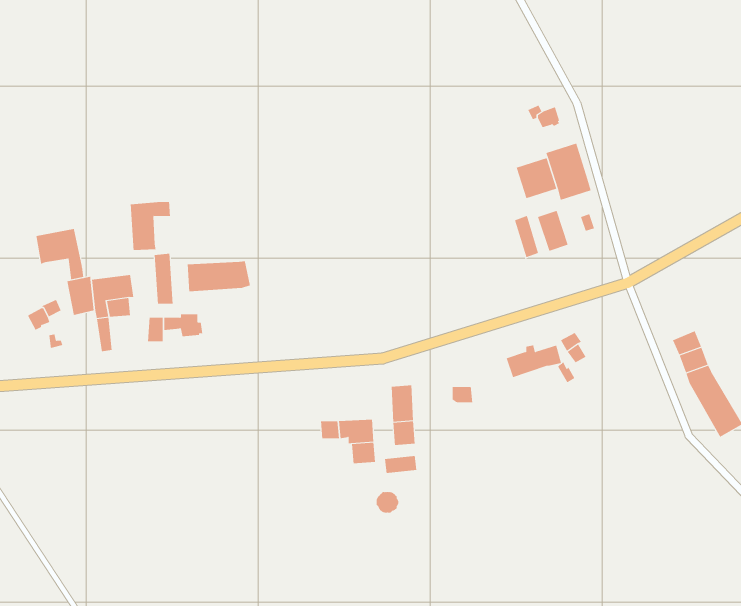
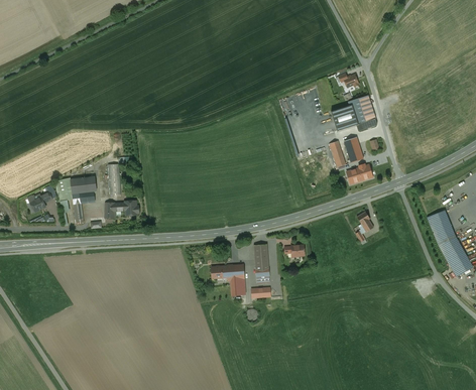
building: [130,201,171,251] -> none
building: [36,228,84,280] -> none
building: [187,260,251,292] -> none
building: [506,345,562,378] -> [347,163,381,183]

